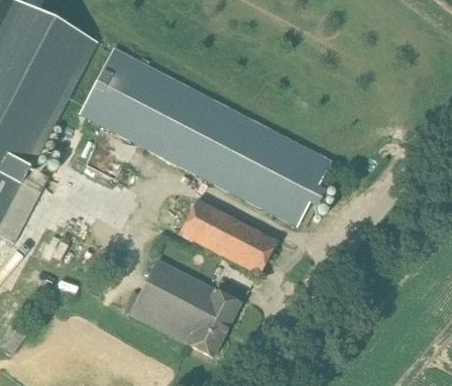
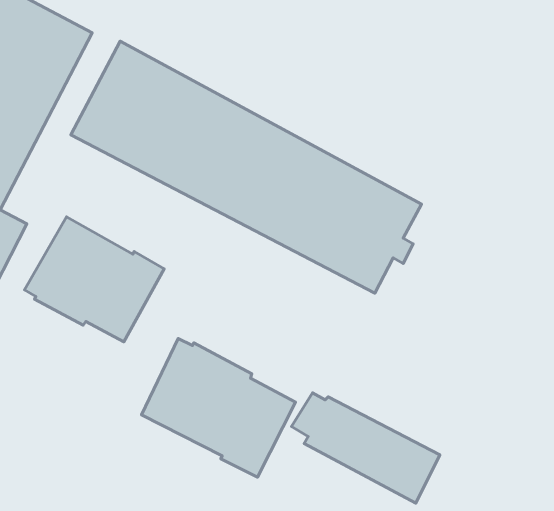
building: none -> [24,217,164,342]
building: [171,197,276,275] -> [291,393,440,503]

